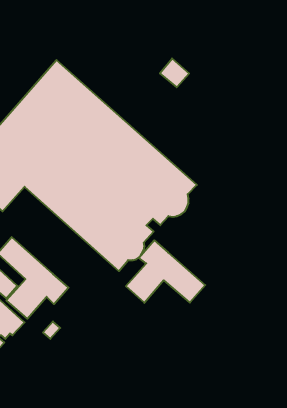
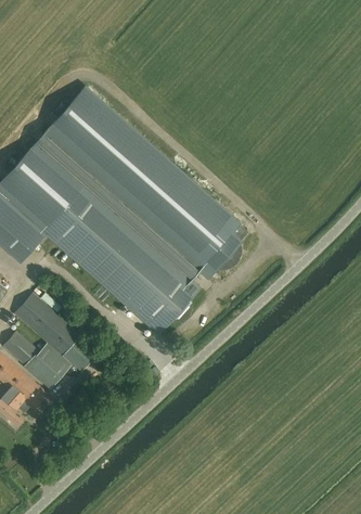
building: [160,58,189,87] -> none
building: [126,240,205,303] -> none

